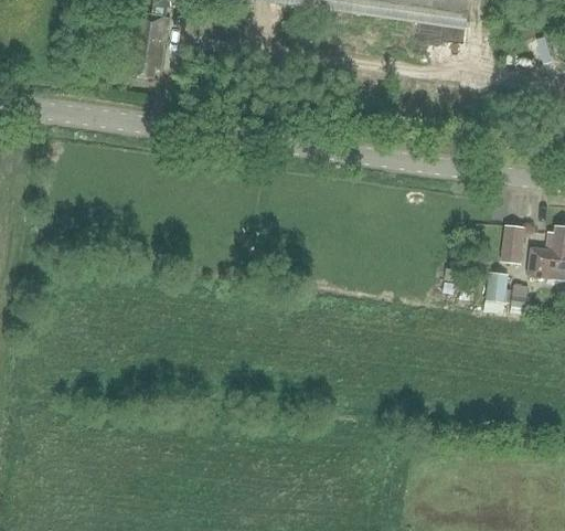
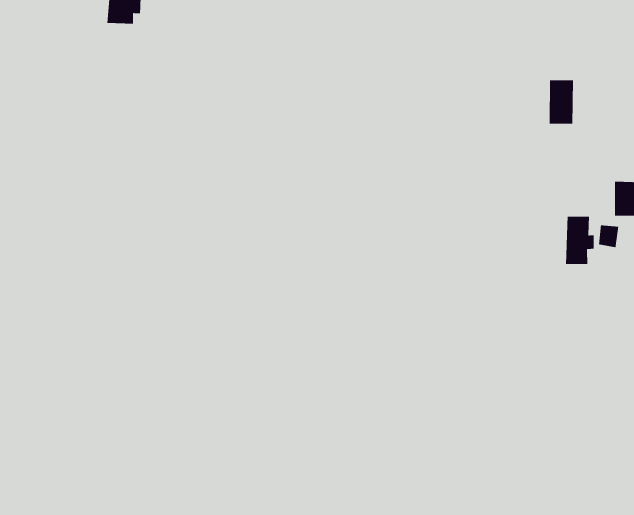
building: [501,223,525,262] -> [549,80,574,124]

